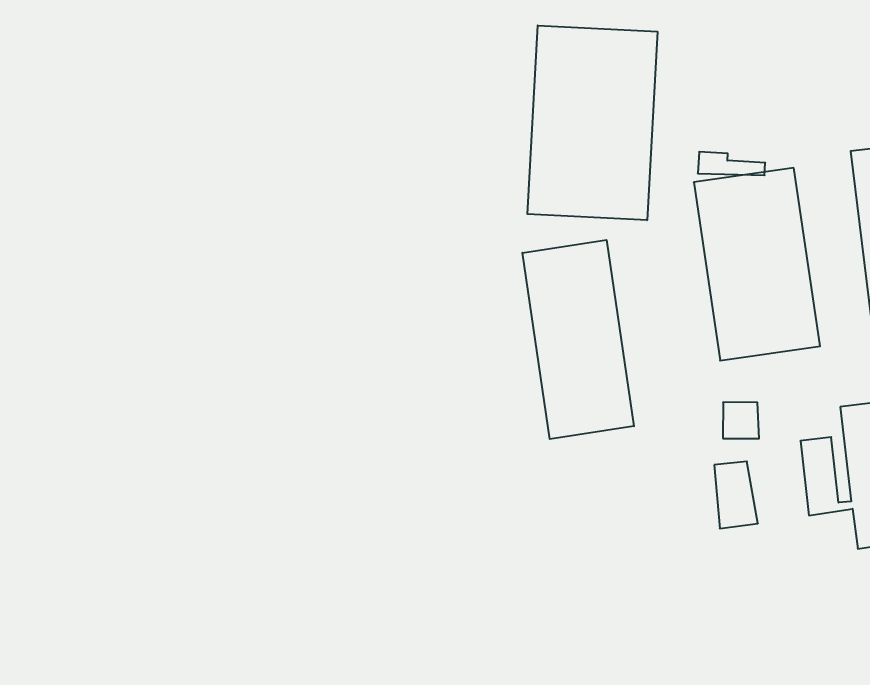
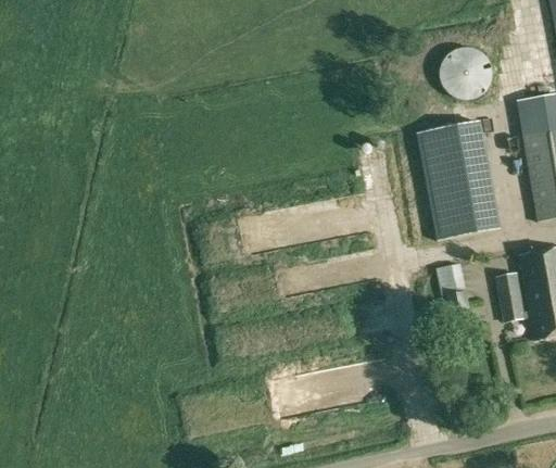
building: [527,25,657,220] -> none
building: none -> [442,40,498,99]
building: [522,240,634,439] -> none

